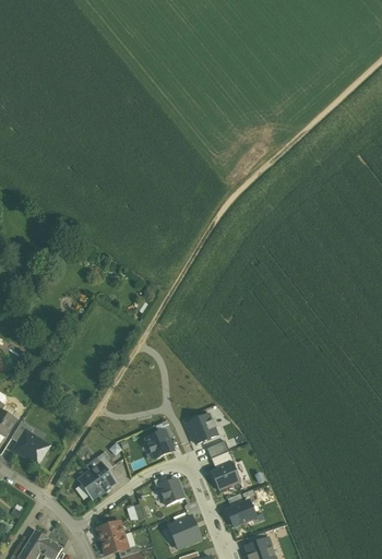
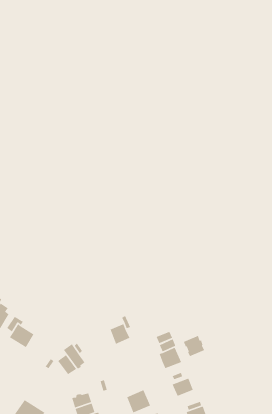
building: [188,414,217,443] -> [183,335,205,357]
building: [158,477,184,506] -> none

